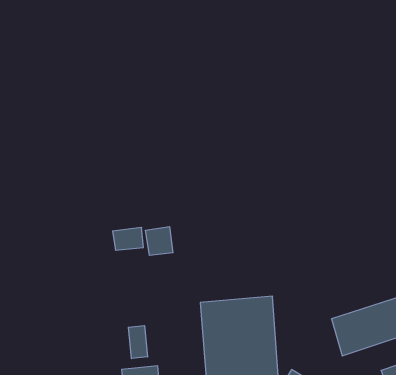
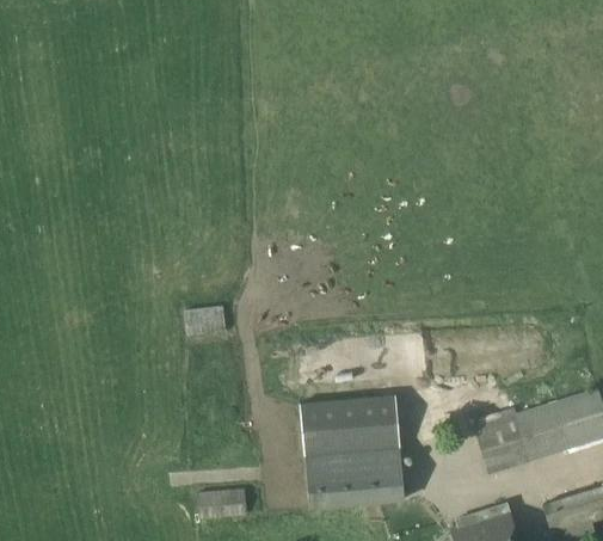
building: [146,227,173,255] -> none
building: [128,326,148,359] -> none

